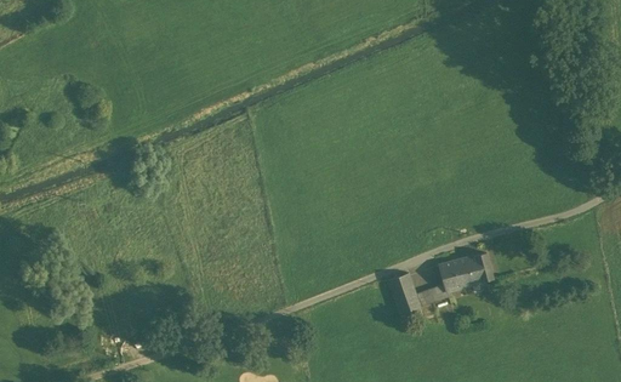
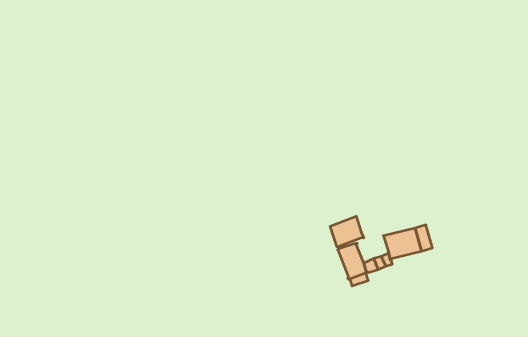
building: none -> [330,216,364,247]

